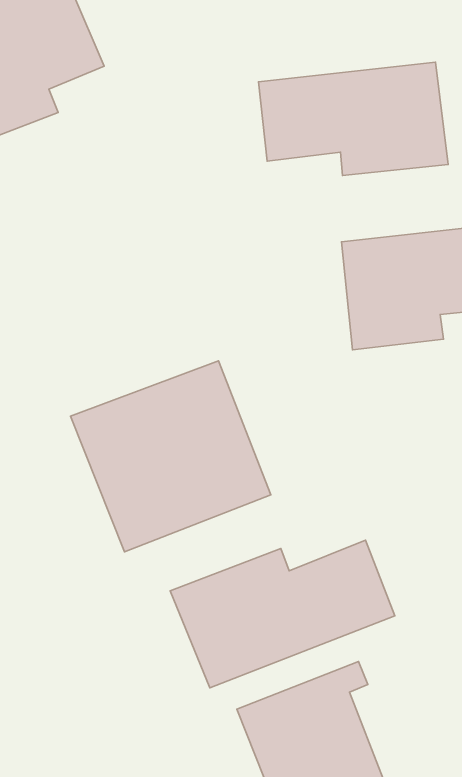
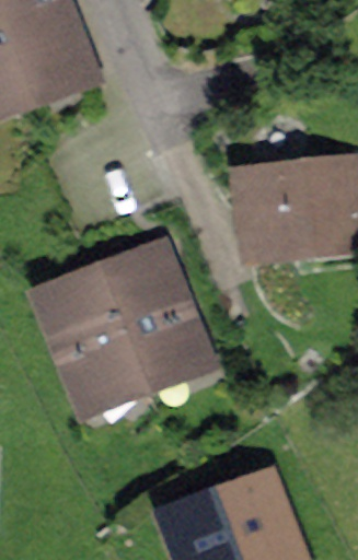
building: [259,62,448,176] -> none
building: [170,540,395,688] -> none

